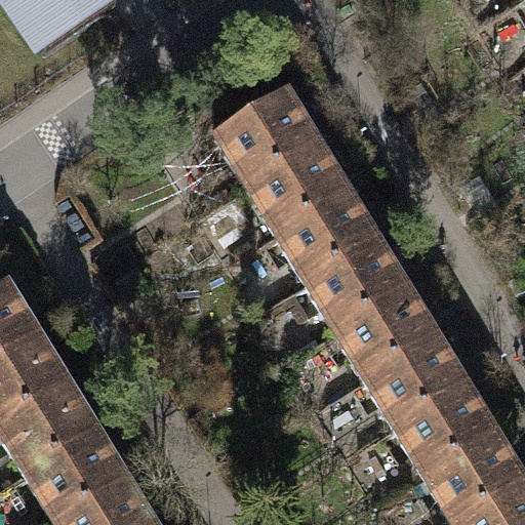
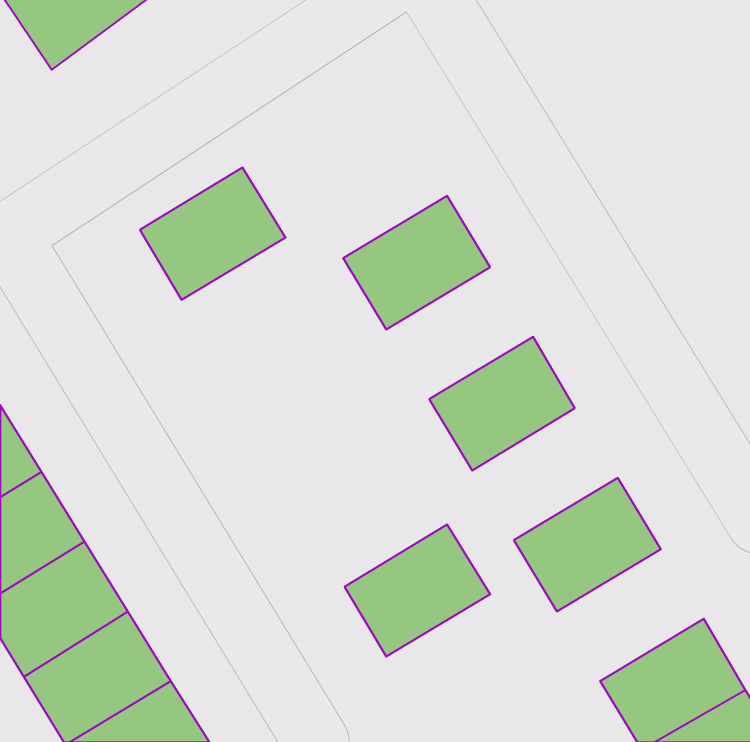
building: [214,87,315,178] -> [140,168,286,300]
building: [273,185,374,276] -> none
building: [332,282,433,373] -> [345,524,490,657]
building: [391,379,492,471] -> none

